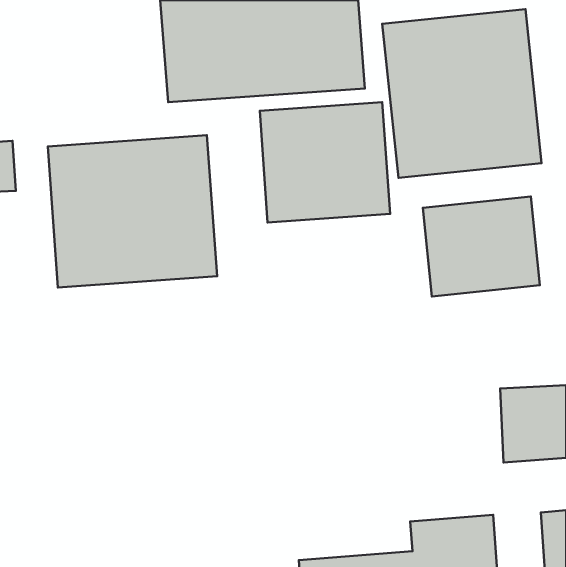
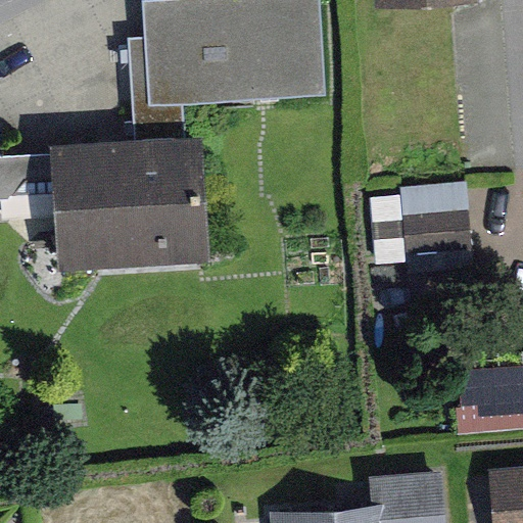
building: [382,9,542,178] -> none
building: [260,102,390,223] -> none

